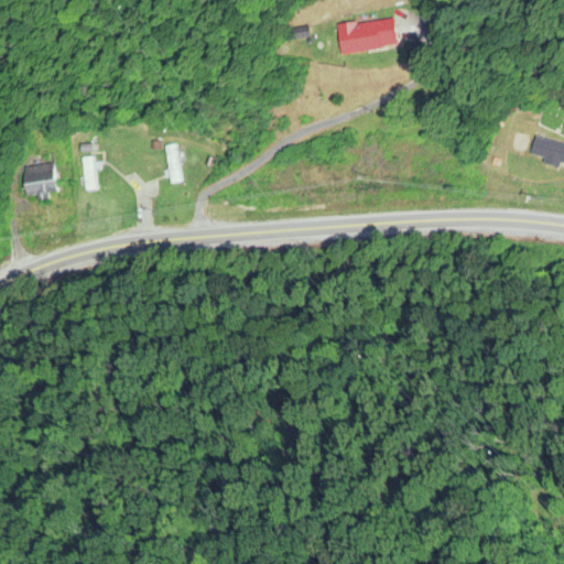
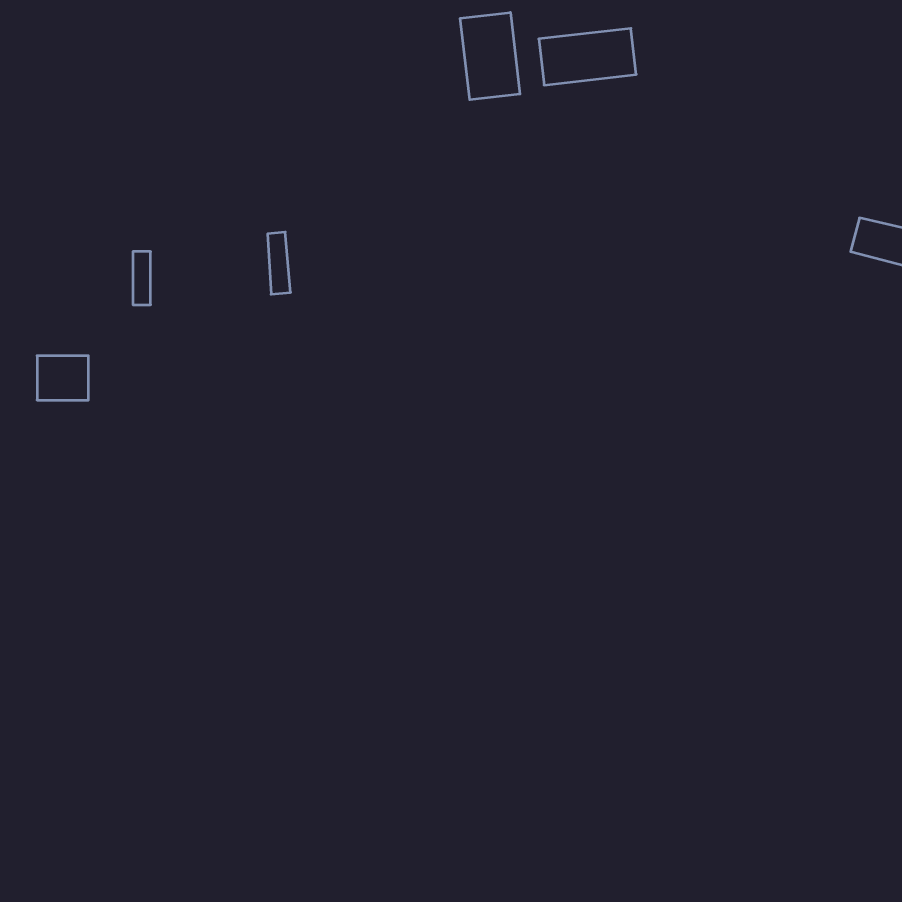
building: none -> [460,12,520,100]
building: [24,165,56,193] -> [37,356,88,400]

